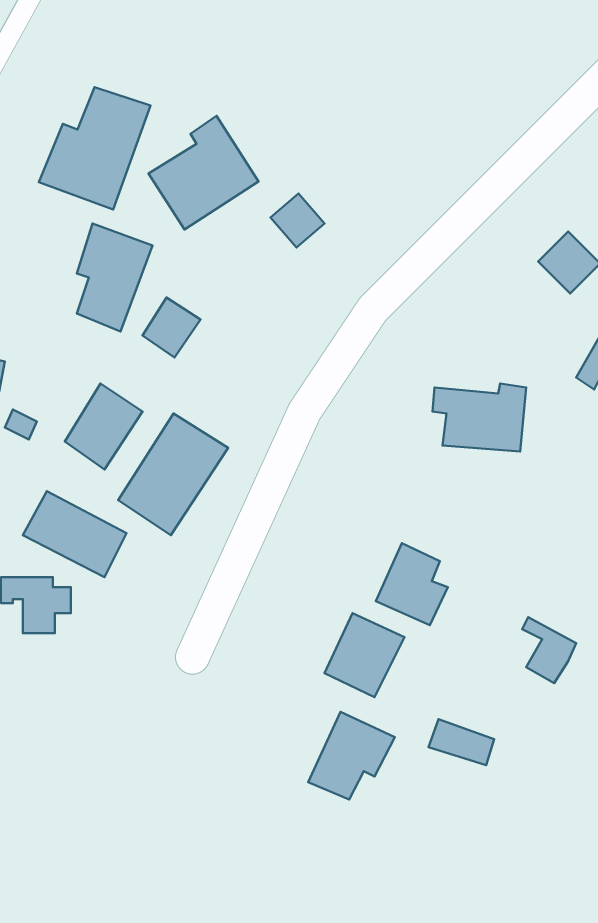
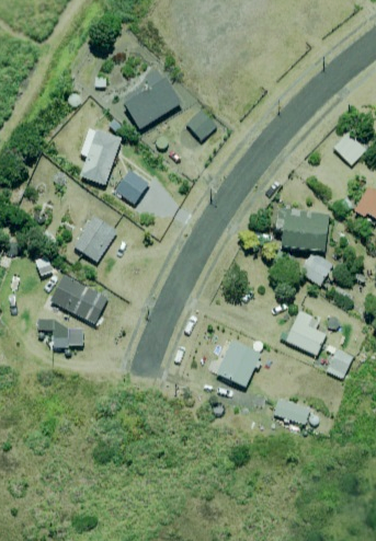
building: [39,87,151,209] -> none
building: [118,414,228,535] -> none
building: none -> [298,254,331,286]
building: [376,543,448,625] -> [286,309,326,354]
building: [308,712,395,800] -> none

